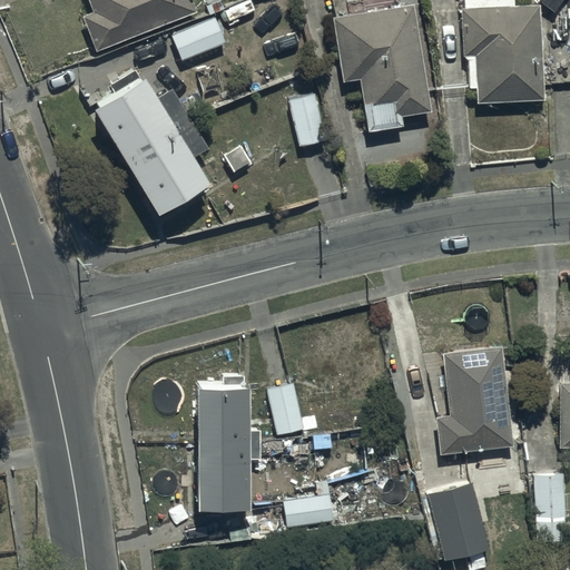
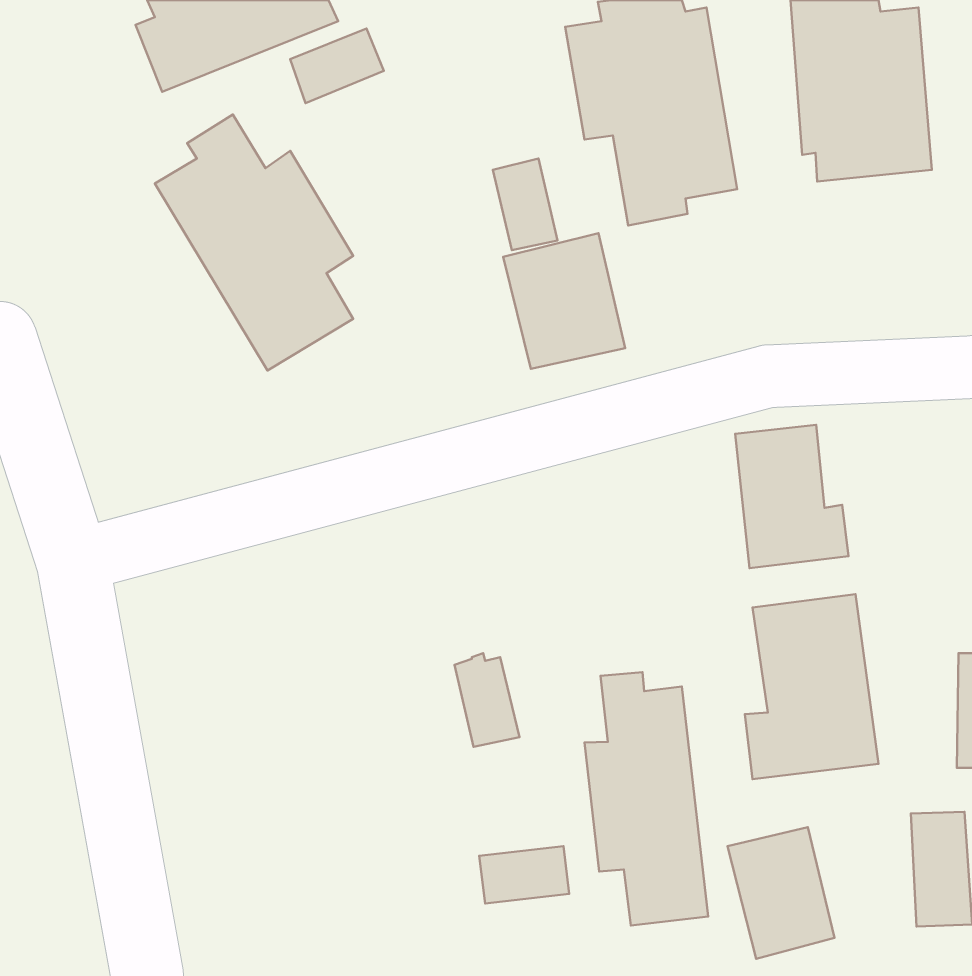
building: none -> [503,233,625,369]
building: none -> [735,425,849,568]
building: [197,373,278,507] -> none
building: none -> [584,672,708,925]

